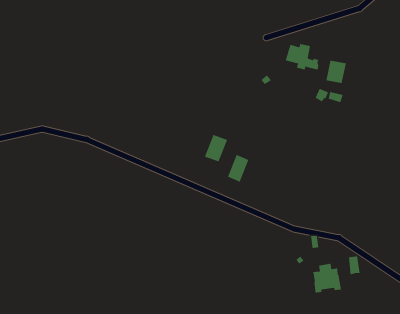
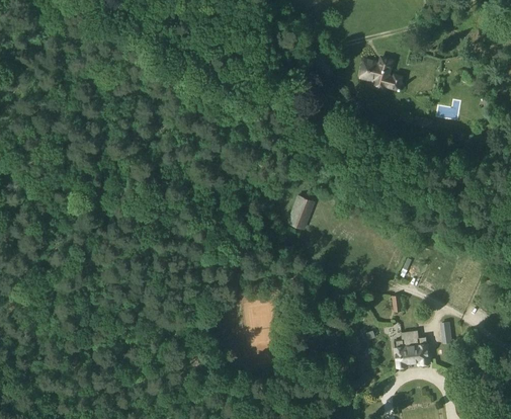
building: [326,60,346,84] -> none
building: [204,134,228,162] -> none

